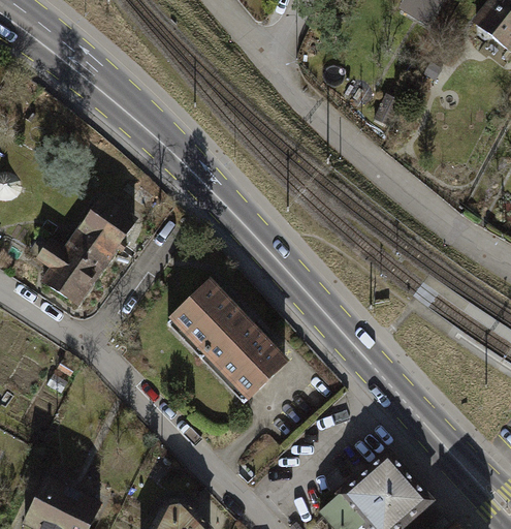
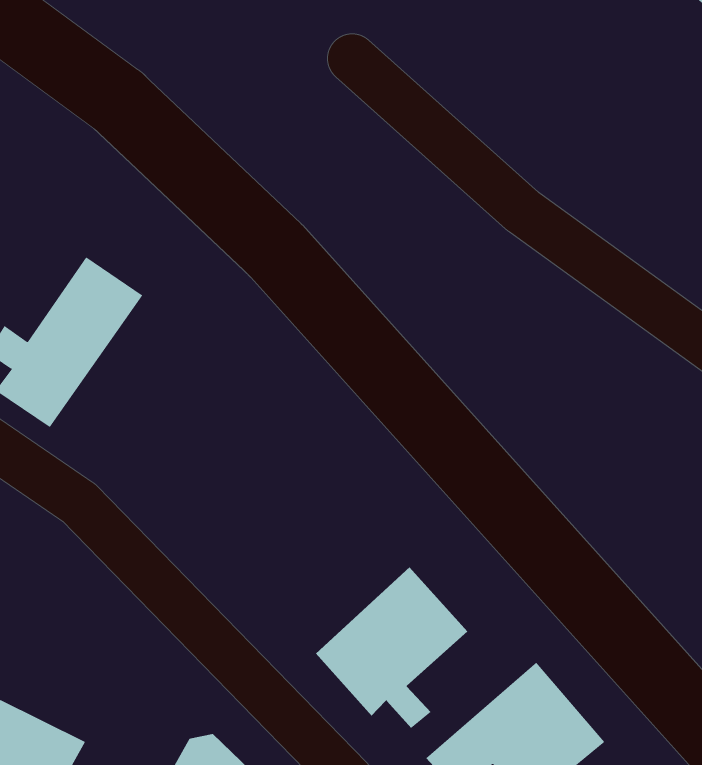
building: [170,282,284,398] -> none
building: none -> [315,567,468,729]

